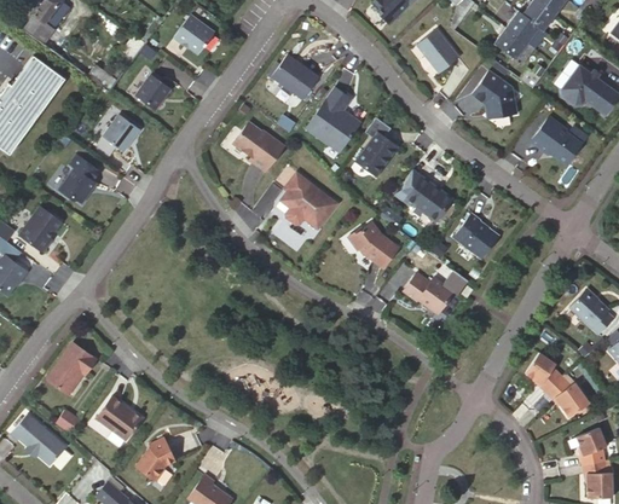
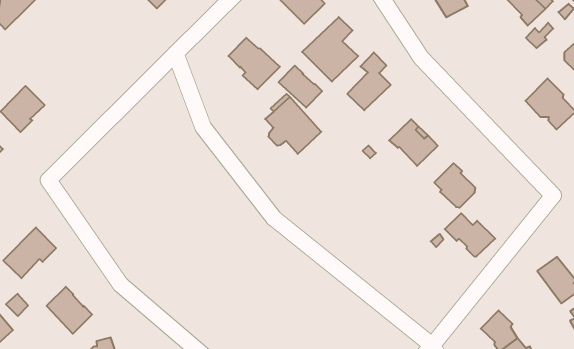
building: [472,70,516,117] -> none
building: [103,114,140,150] -> none
building: none -> [279,66,322,108]
building: [58,153,99,203] -> none
building: [348,221,398,267] -> none
building: [403,272,453,312] -> [445,213,495,257]

